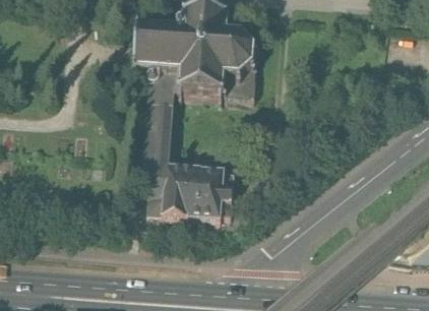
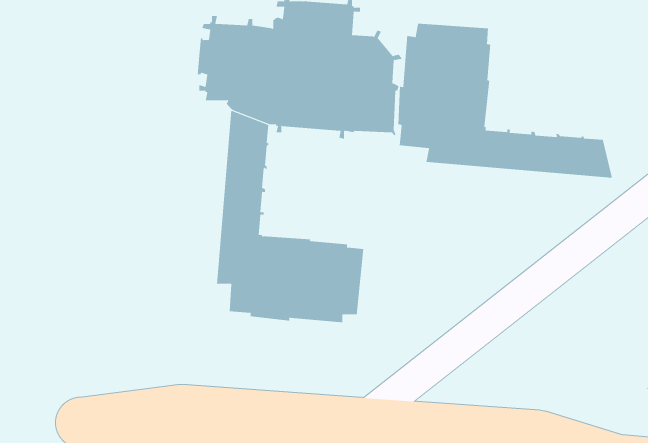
building: none -> [398,23,612,178]

